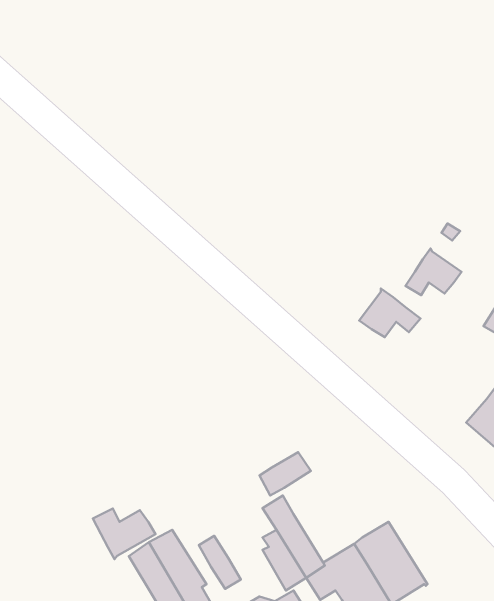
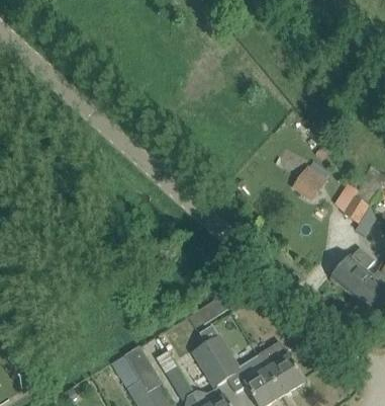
building: [359,288,420,337] -> none
building: [93,508,156,559] -> none

